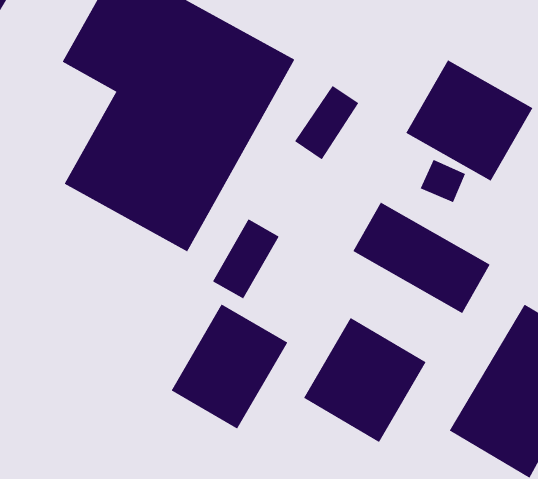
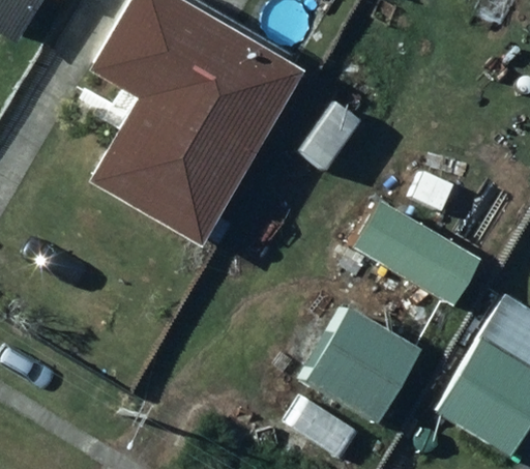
building: [405,59,533,182] -> none
building: [171,303,288,429] -> none

